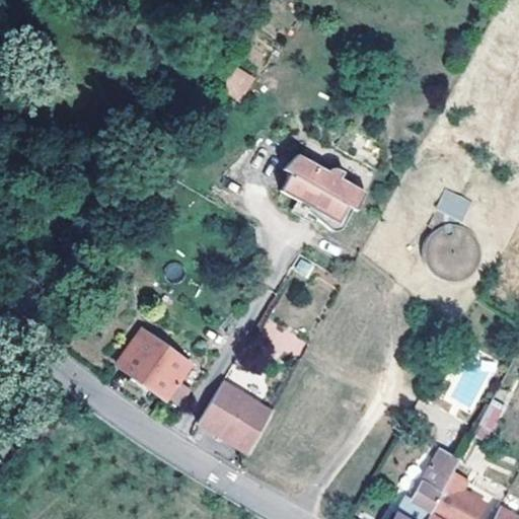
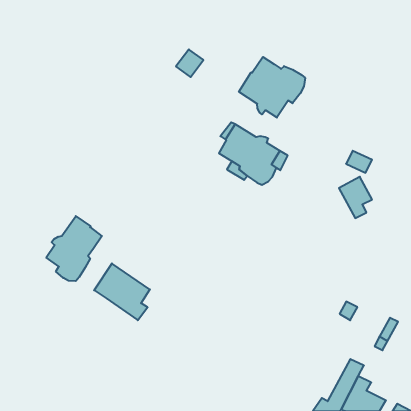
building: none -> [239,57,305,118]
building: none -> [46,216,102,281]
building: [201,379,272,453] -> none

